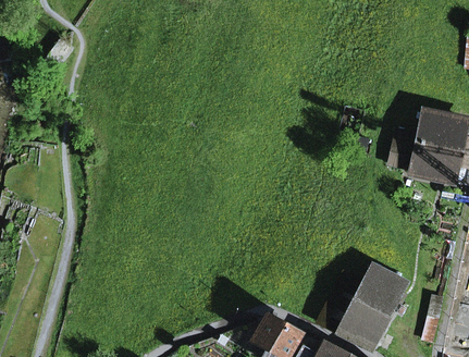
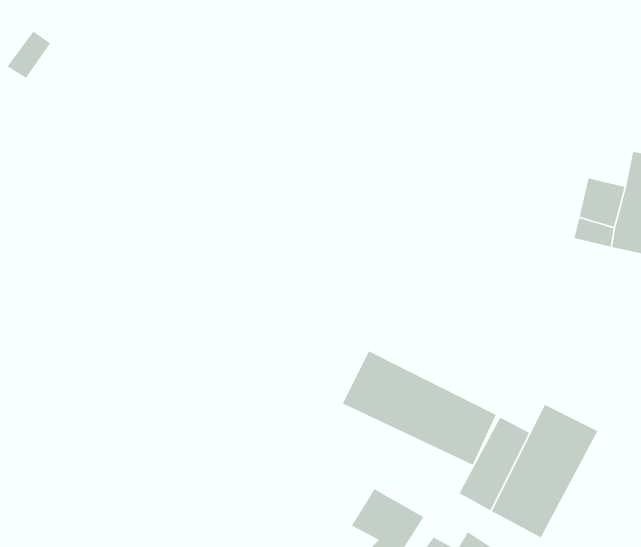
building: none -> [342,350,497,466]

